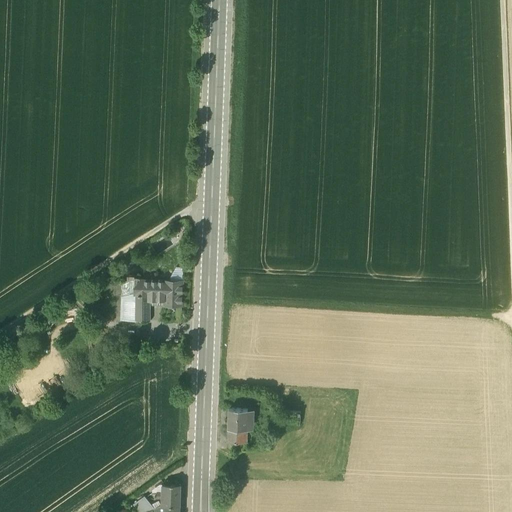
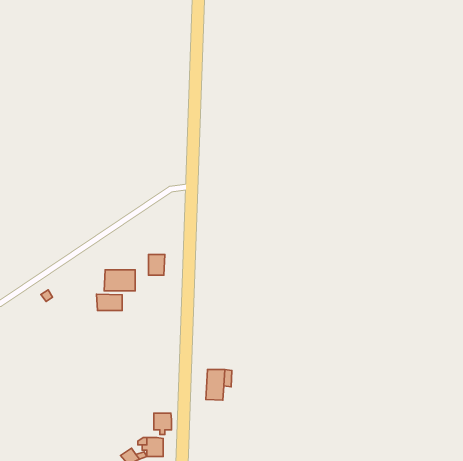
building: [136,282,164,300] -> [97,294,122,310]
building: none -> [154,413,172,435]

